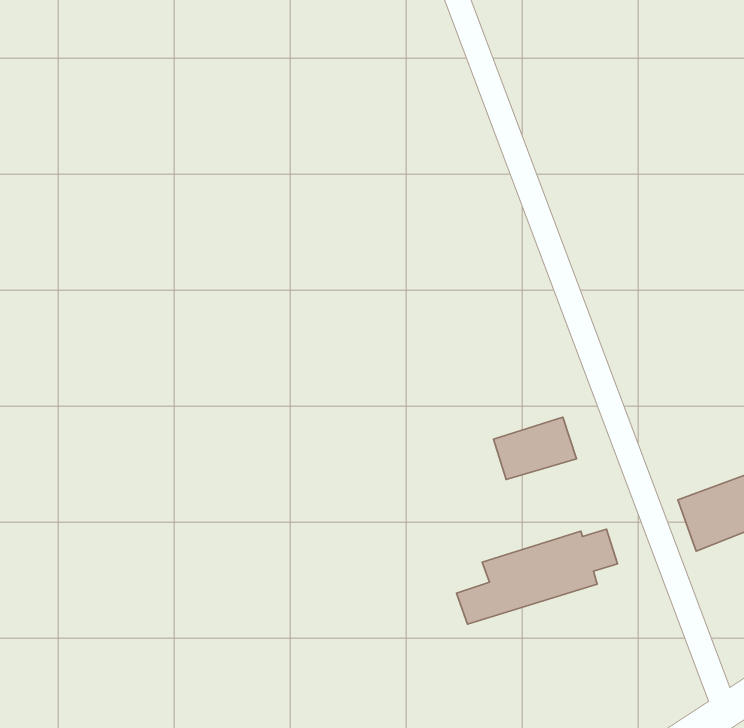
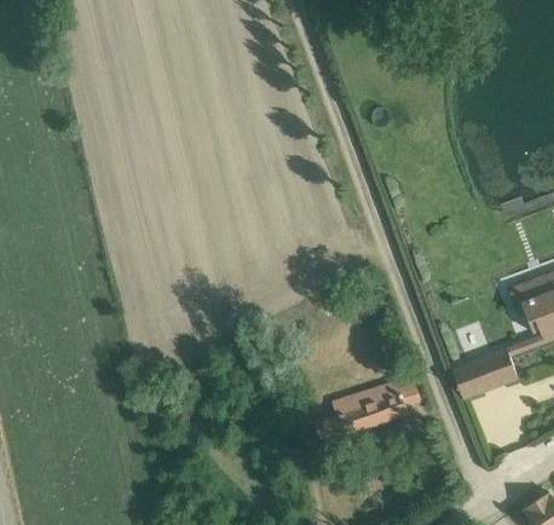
building: [493,417,577,479] -> none

